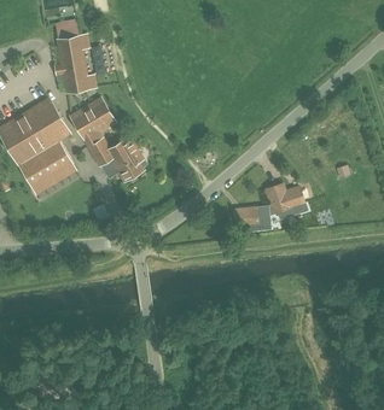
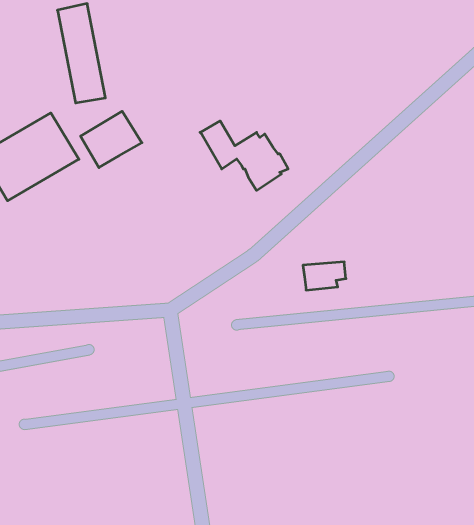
building: [83,130,147,181] -> [200,121,288,190]
building: [18,141,71,188] -> none
building: [264,183,303,213] -> none

